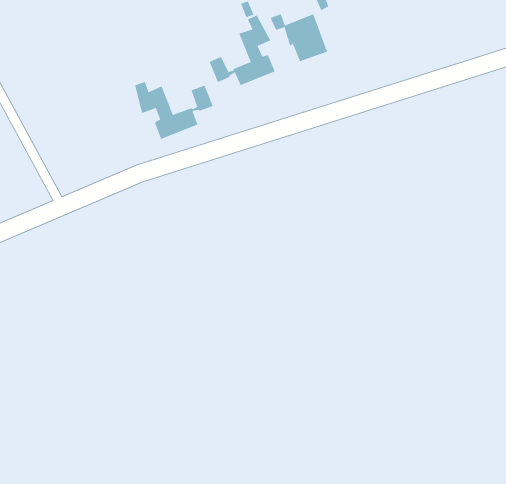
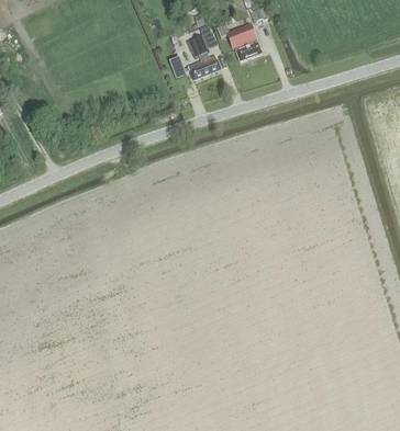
building: [134,81,213,140] -> none

